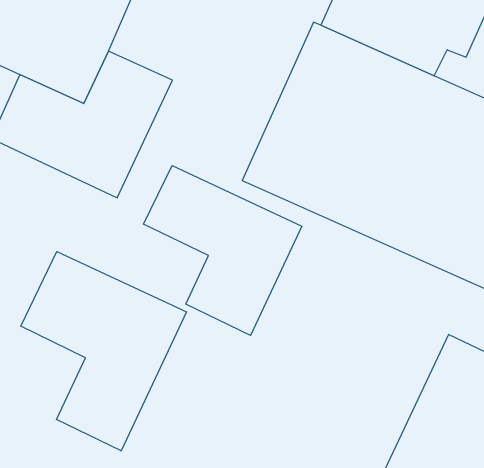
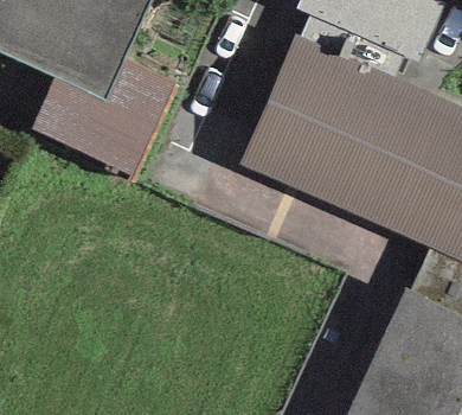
building: [144,166,302,335] -> none
building: [21,252,186,451] -> none

